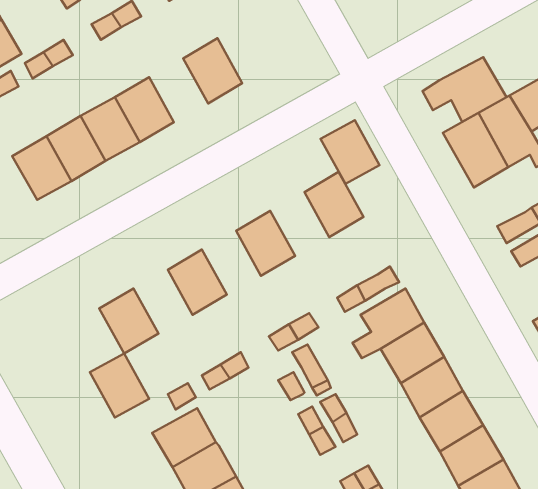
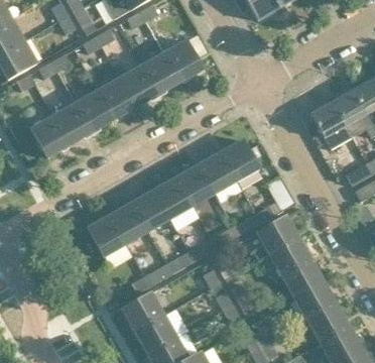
building: none -> [164,40,204,82]
building: [423,57,507,122] -> none
building: none -> [120,66,158,107]
building: [320,120,380,184] -> [199,152,237,194]
building: none -> [154,177,193,219]
building: [90,354,149,417] -> [110,203,148,244]

